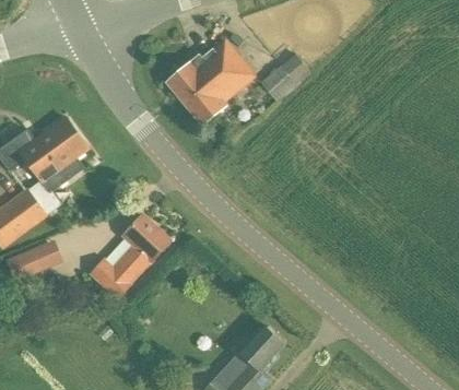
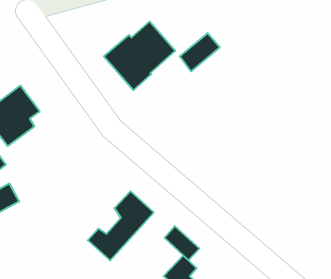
building: [89,214,169,299] -> [88,191,154,261]
building: none -> [165,226,199,260]

